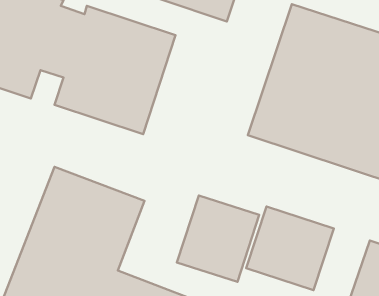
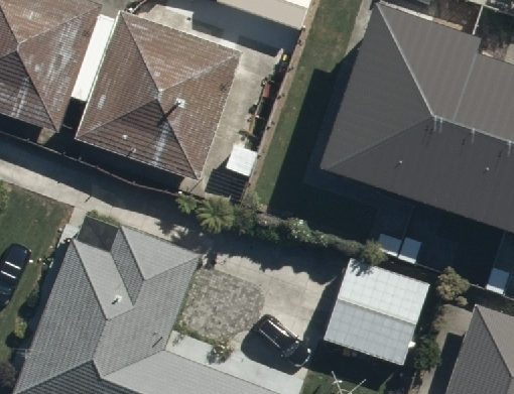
building: [177,196,259,282] -> none

